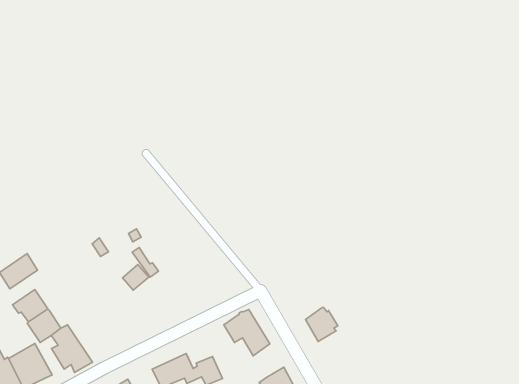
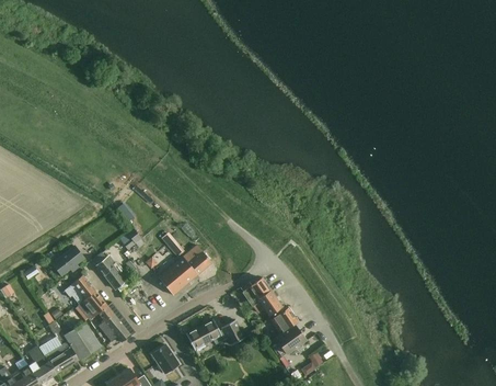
building: none -> [94,257,127,290]
building: none -> [158,252,211,295]
building: [305,308,338,341] -> [268,306,296,334]

